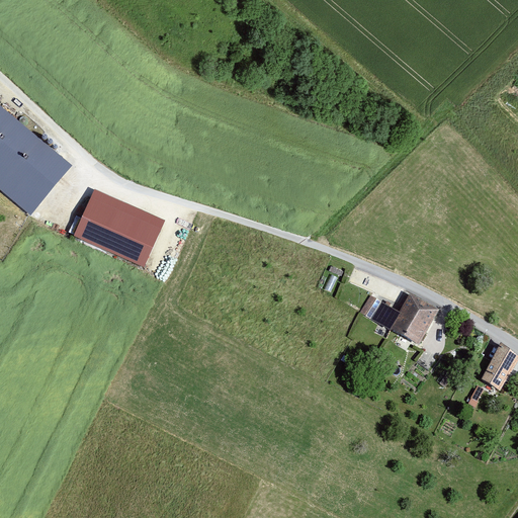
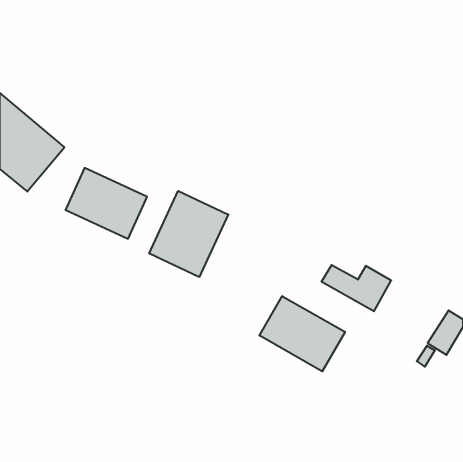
building: none -> [149,191,228,277]
building: none -> [259,296,345,371]

